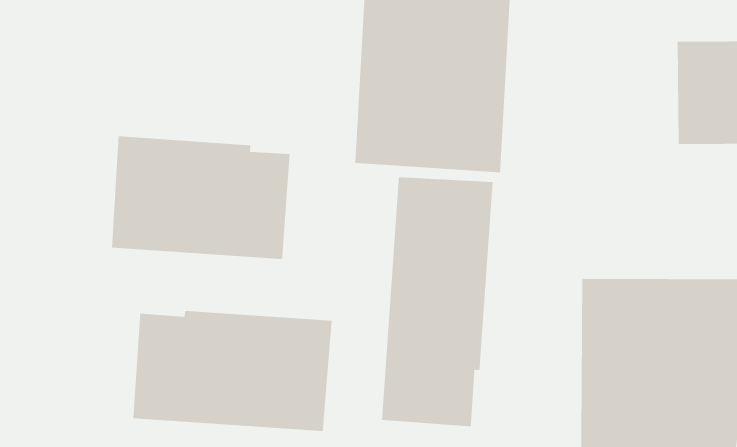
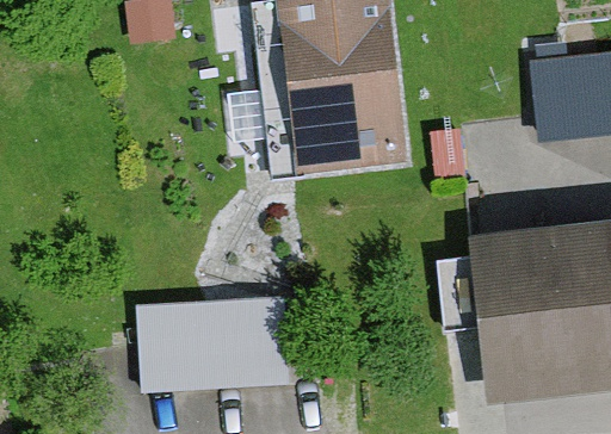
building: [112,136,290,260] -> none
building: [382,177,493,427] -> none

